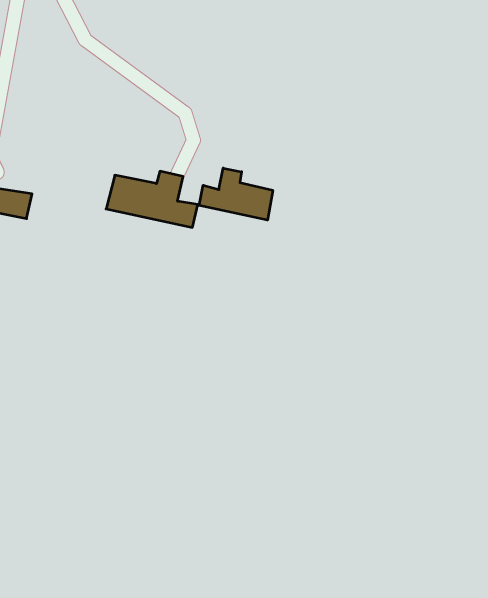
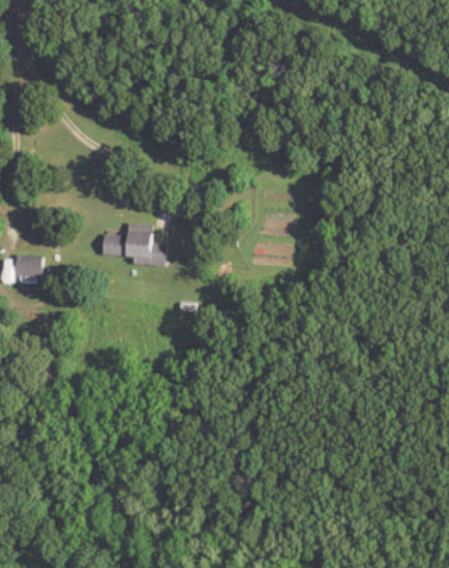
building: [199,168,273,220] -> none

